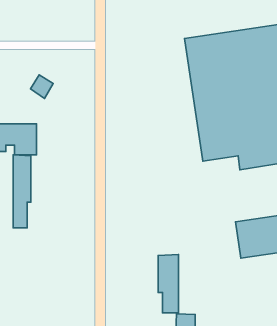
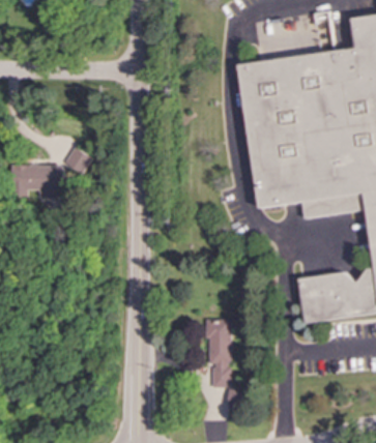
building: [30,75,53,99] -> [65,148,92,176]
building: [13,155,31,228] -> none

